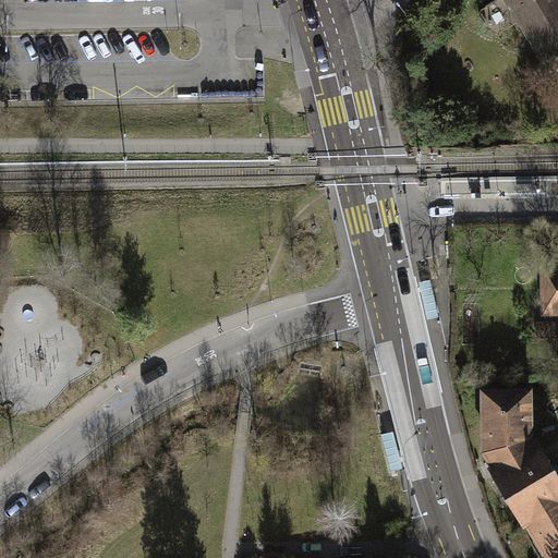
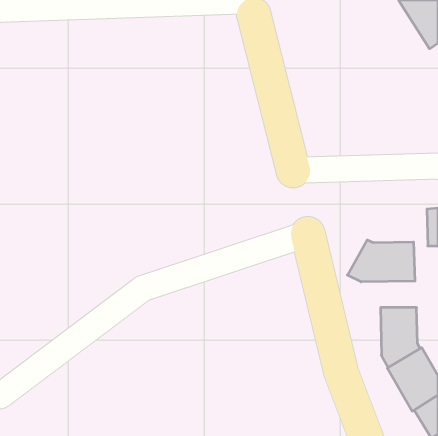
building: none -> [347,240,415,282]

